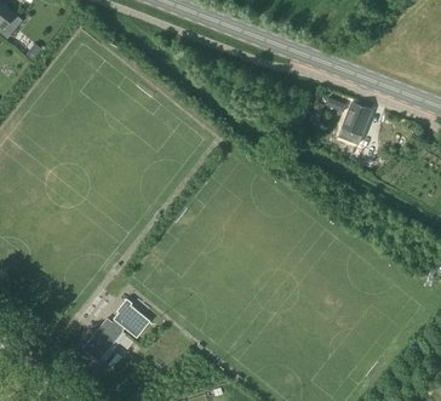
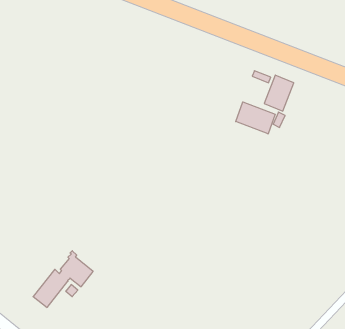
building: none -> [236,102,275,134]

